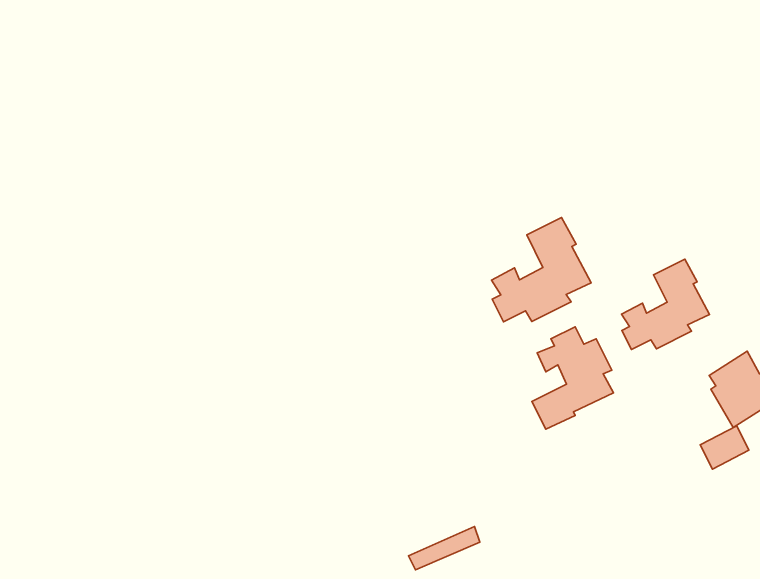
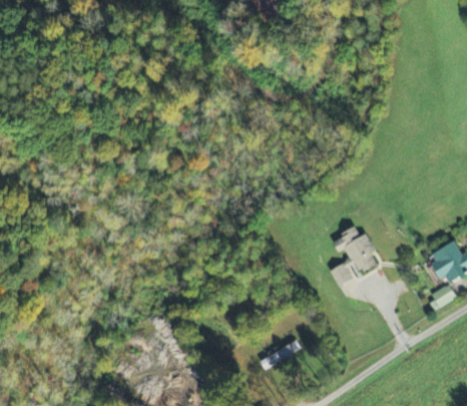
building: [491,218,591,322] -> none
building: [622,259,710,350] -> none

